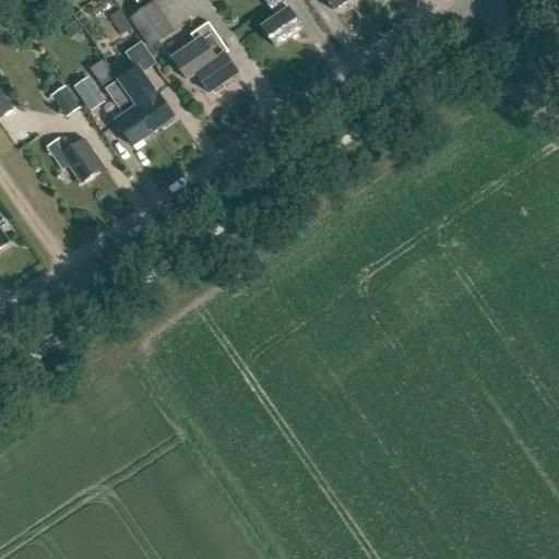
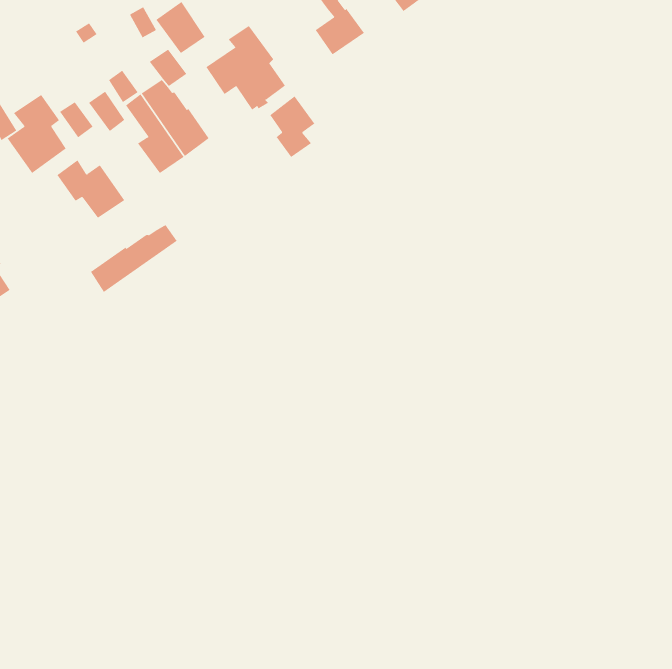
building: none -> [7,94,66,174]
building: none -> [269,96,315,158]
building: none -> [90,224,177,293]

